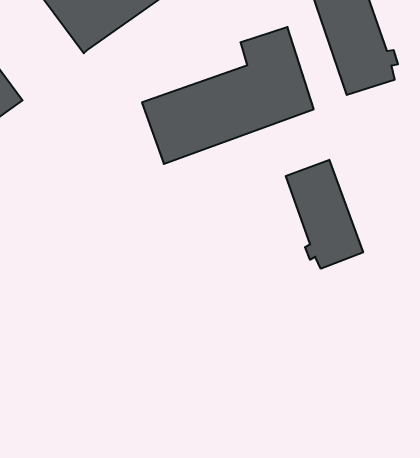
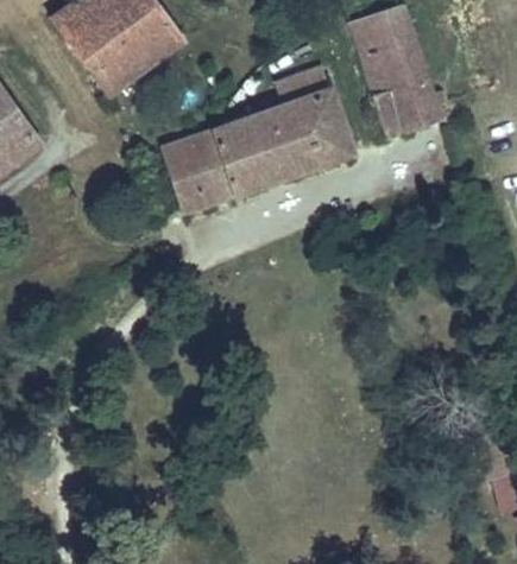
building: [286,160,363,269] -> none

